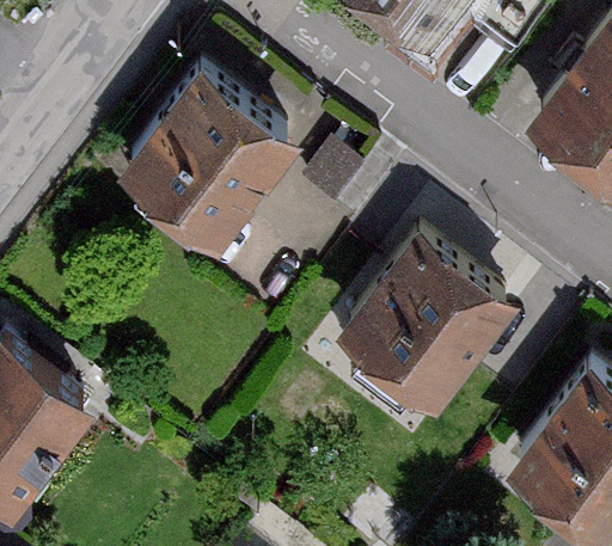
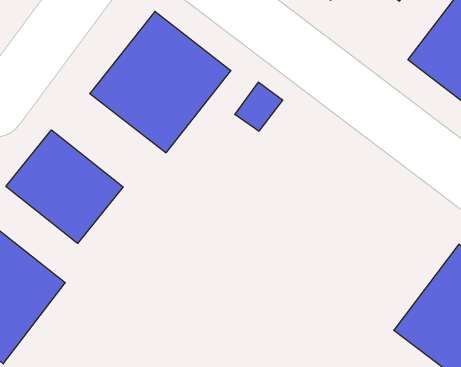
building: none -> [6,130,123,243]
building: [336,229,522,416] -> none

